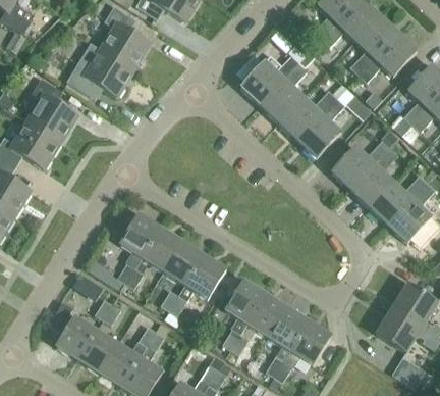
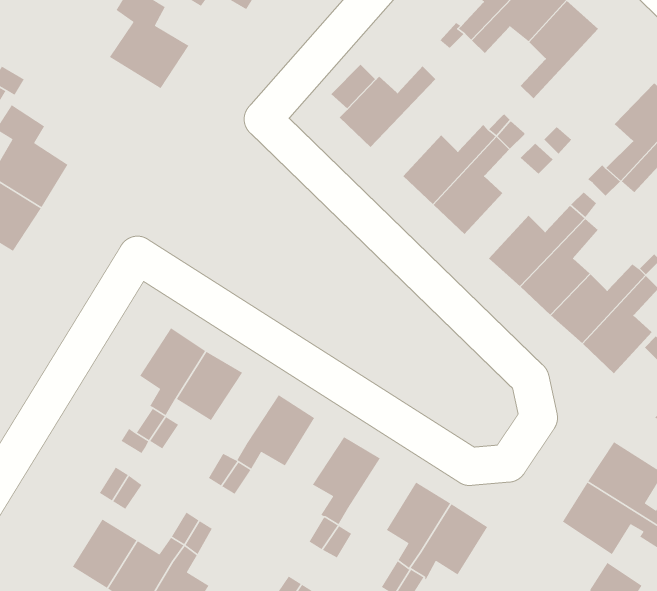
building: [359,32,417,82] -> none
building: [68,43,132,96] -> none
building: [260,62,308,121] -> none
building: [163,241,204,284] -> none
building: [246,293,287,337] -> none
building: [56,315,97,359] -> none

